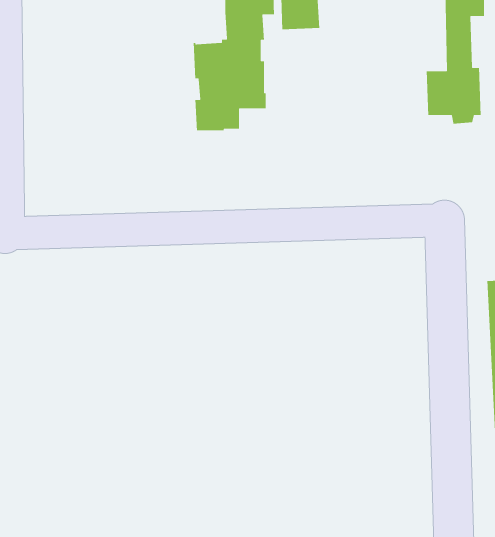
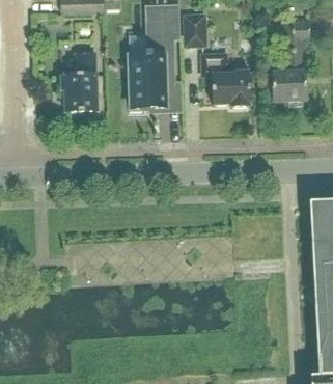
building: none -> [62,54,98,112]
building: none -> [202,55,251,107]

